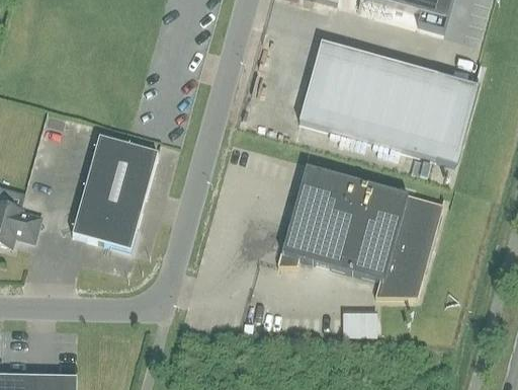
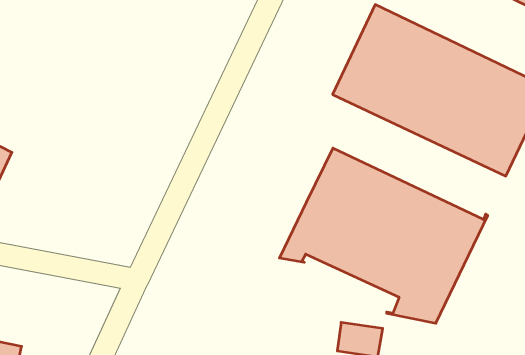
building: [72,136,157,250] -> none

